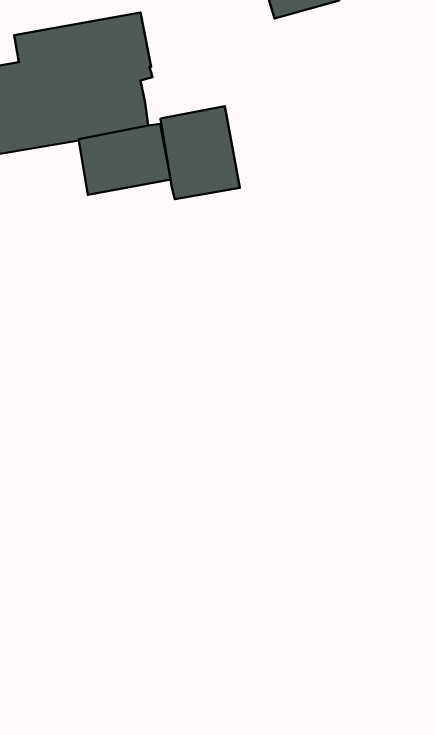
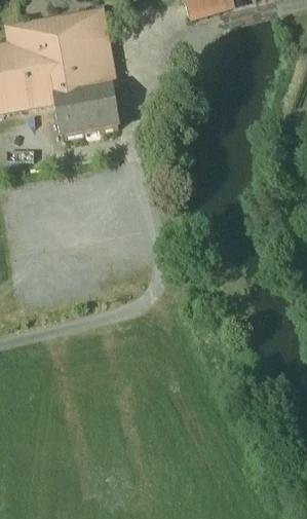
building: [161,106,240,199] -> none

